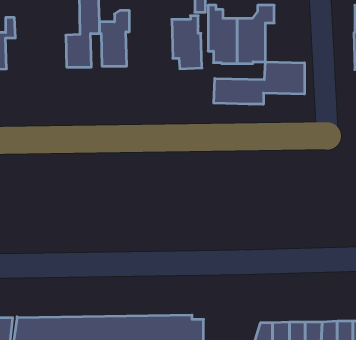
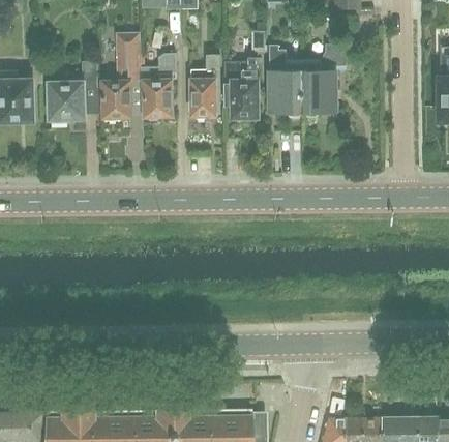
building: none -> [189,55,219,116]
building: none -> [48,62,97,119]
building: [214,62,304,104] -> none

